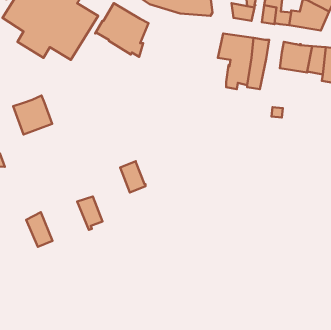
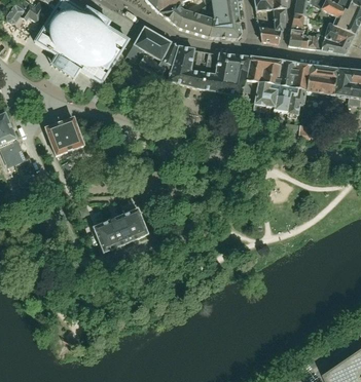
building: none -> [168,46,250,94]
building: none -> [286,63,310,114]
building: [120,161,145,193] -> [122,209,147,240]
building: [26,212,52,247] -> [93,221,118,255]

